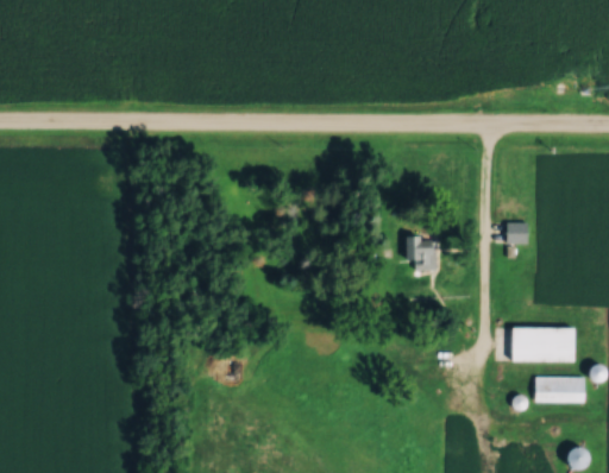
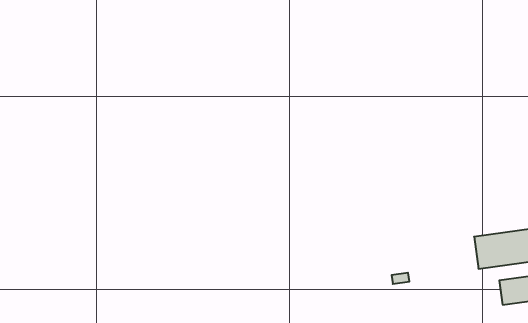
building: [501,223,528,242] -> none
building: [402,235,438,270] -> none

